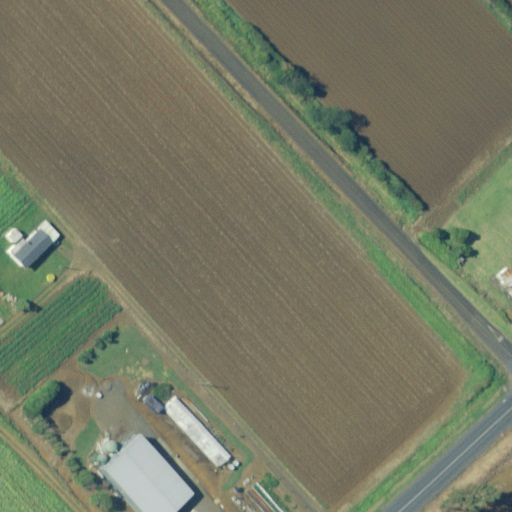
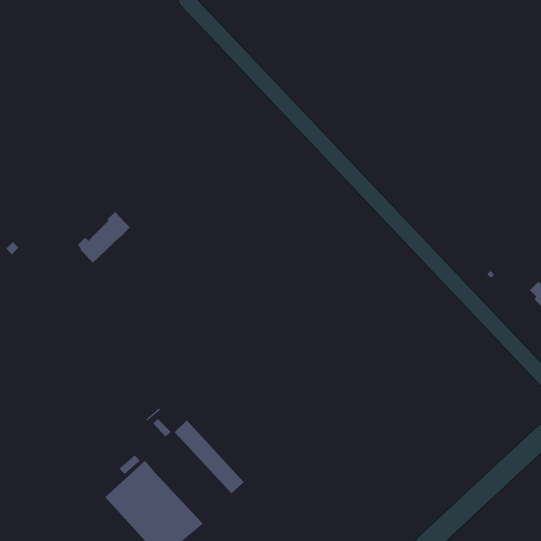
building: [10,220,61,269] -> [77,211,131,263]

